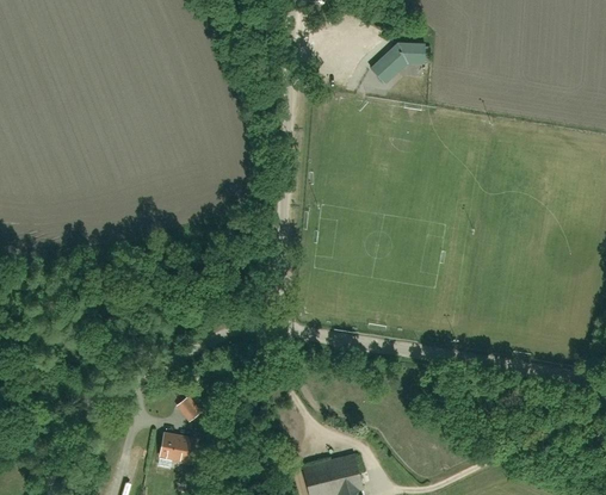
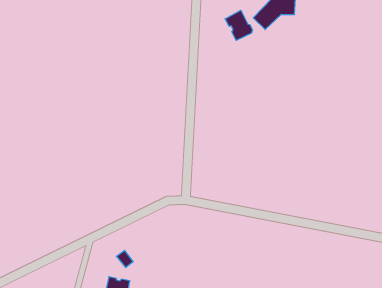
building: none -> [225,10,252,40]

